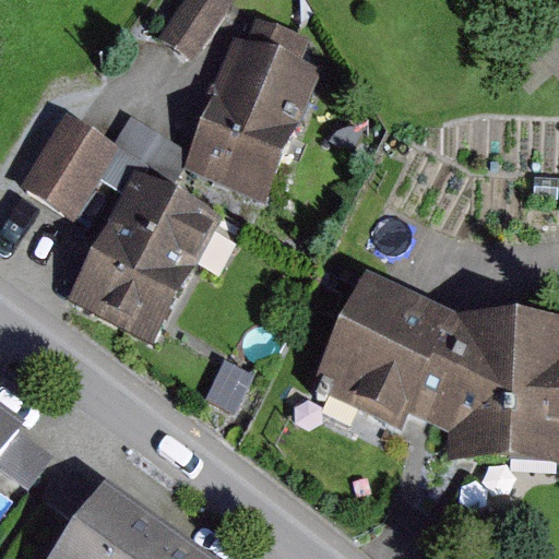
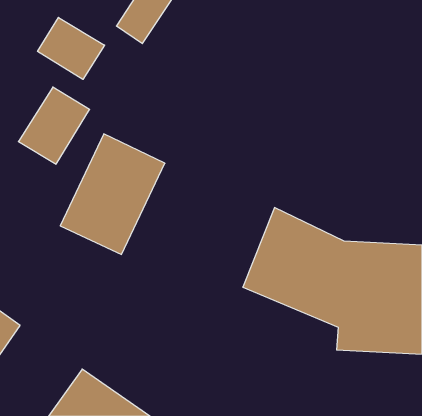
building: none -> [38,17,105,79]
building: [186,33,312,197] -> none

